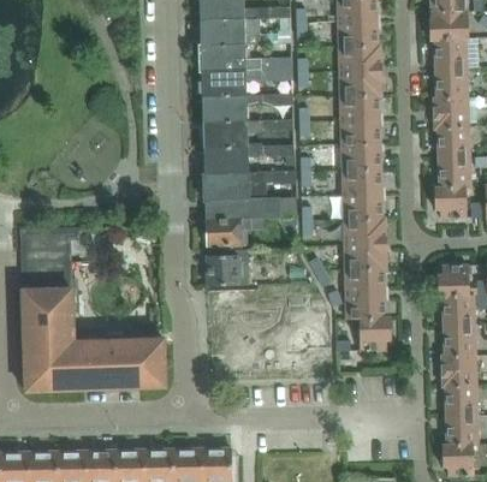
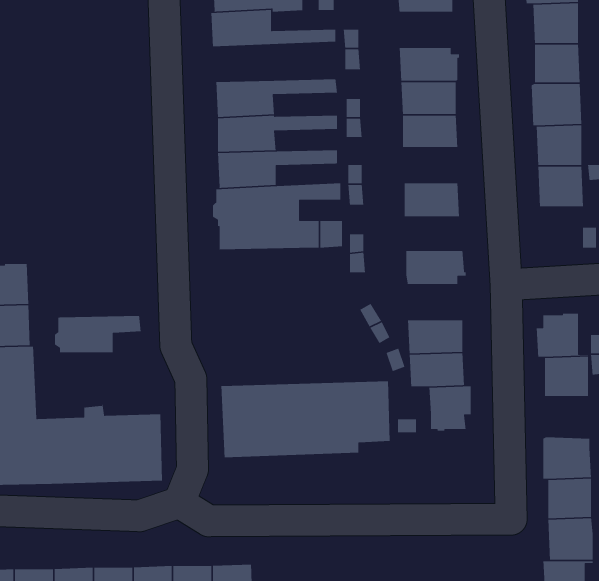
building: [337,46,381,71] -> none
building: [201,67,291,96] -> none
building: [339,144,380,169] -> none
building: [434,188,465,219] -> none
building: [340,195,384,219] -> none
building: [202,218,266,245] -> [54,315,142,353]
building: [343,244,386,269] -> none
building: [206,250,247,286] -> none
building: [443,326,476,356] -> none

